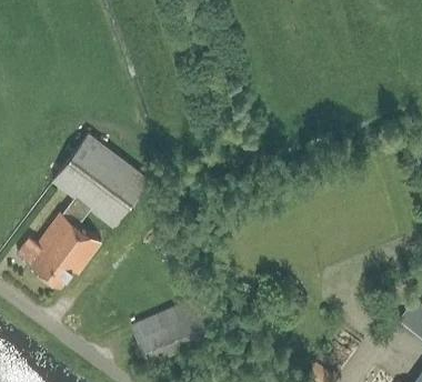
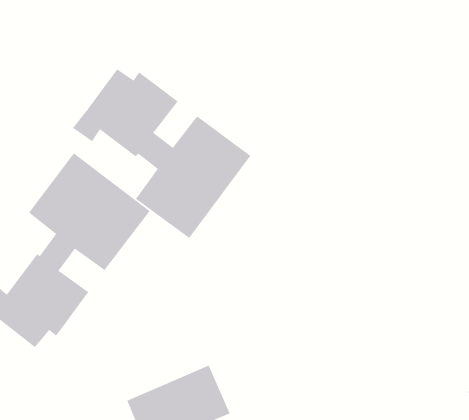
building: none -> [72,69,251,239]

